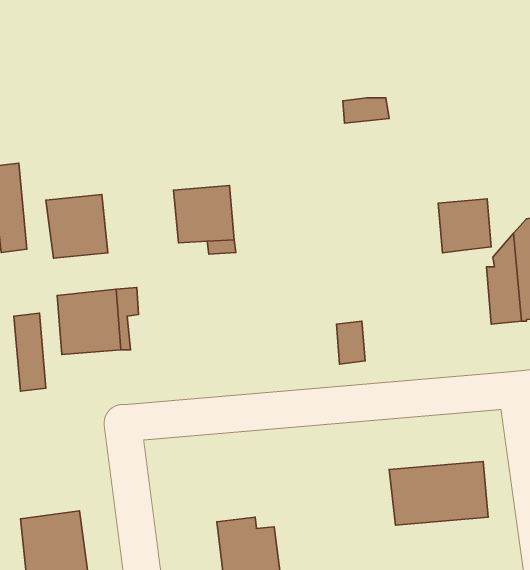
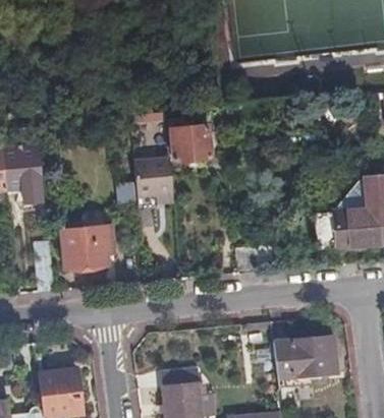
building: none -> [172,125,213,162]
building: [46,194,108,258] -> none
building: [438,199,491,253] -> none

